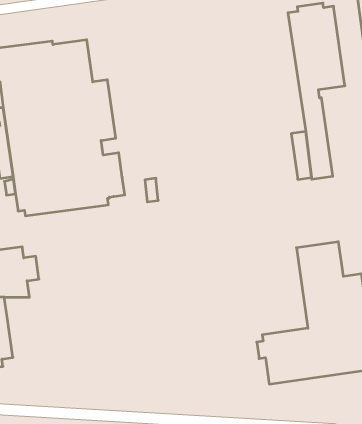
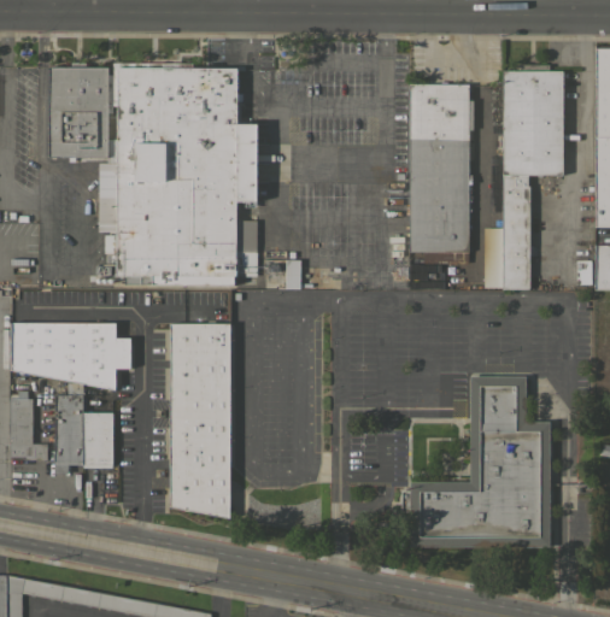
building: none -> [410,84,474,264]
building: none -> [170,324,230,519]
building: none -> [83,412,113,469]

